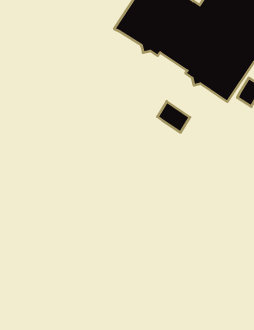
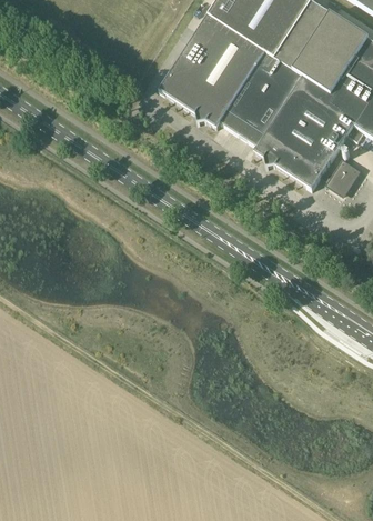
building: [157,101,190,132] -> none

